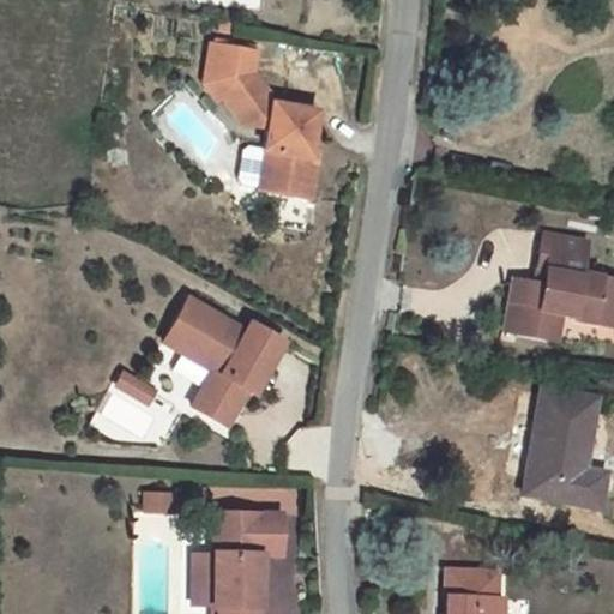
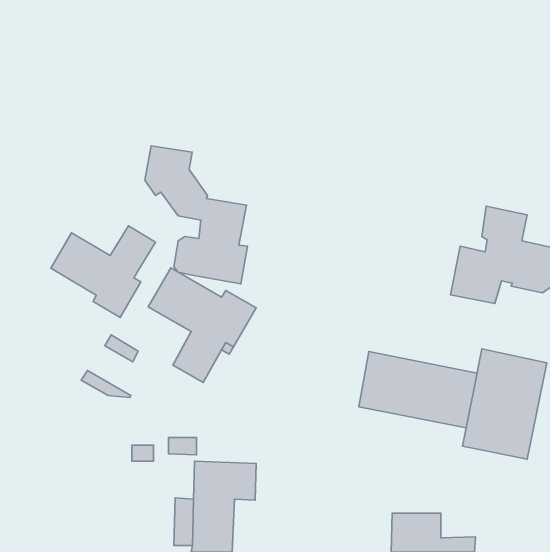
building: [210,46,324,199] -> [145,146,247,284]
building: none -> [51,226,155,317]
building: none -> [359,351,477,428]

